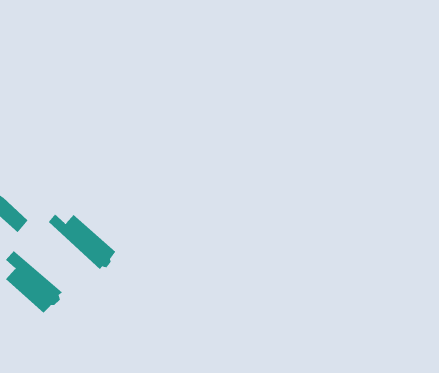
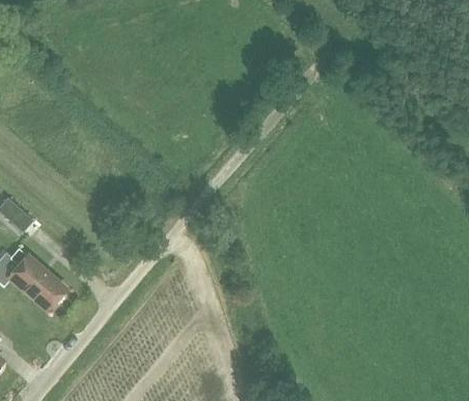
building: [48,214,116,270] -> none

